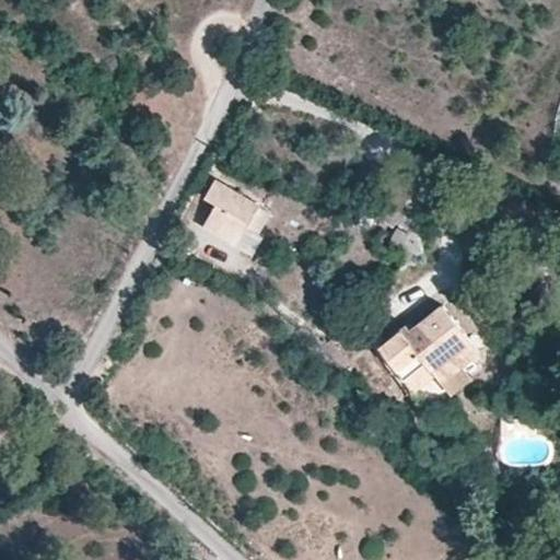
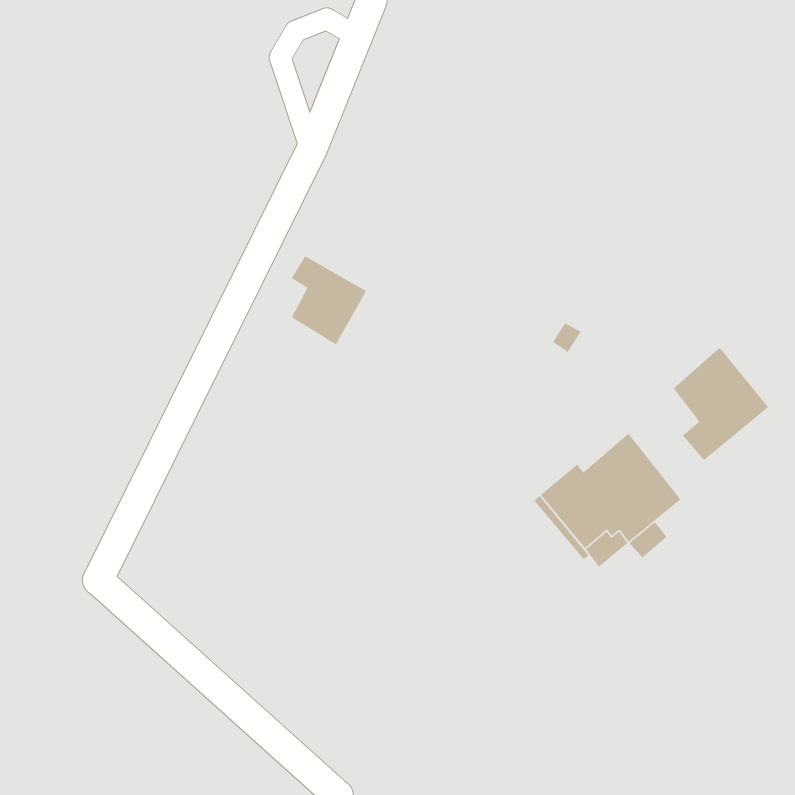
building: none -> [673,347,769,461]

